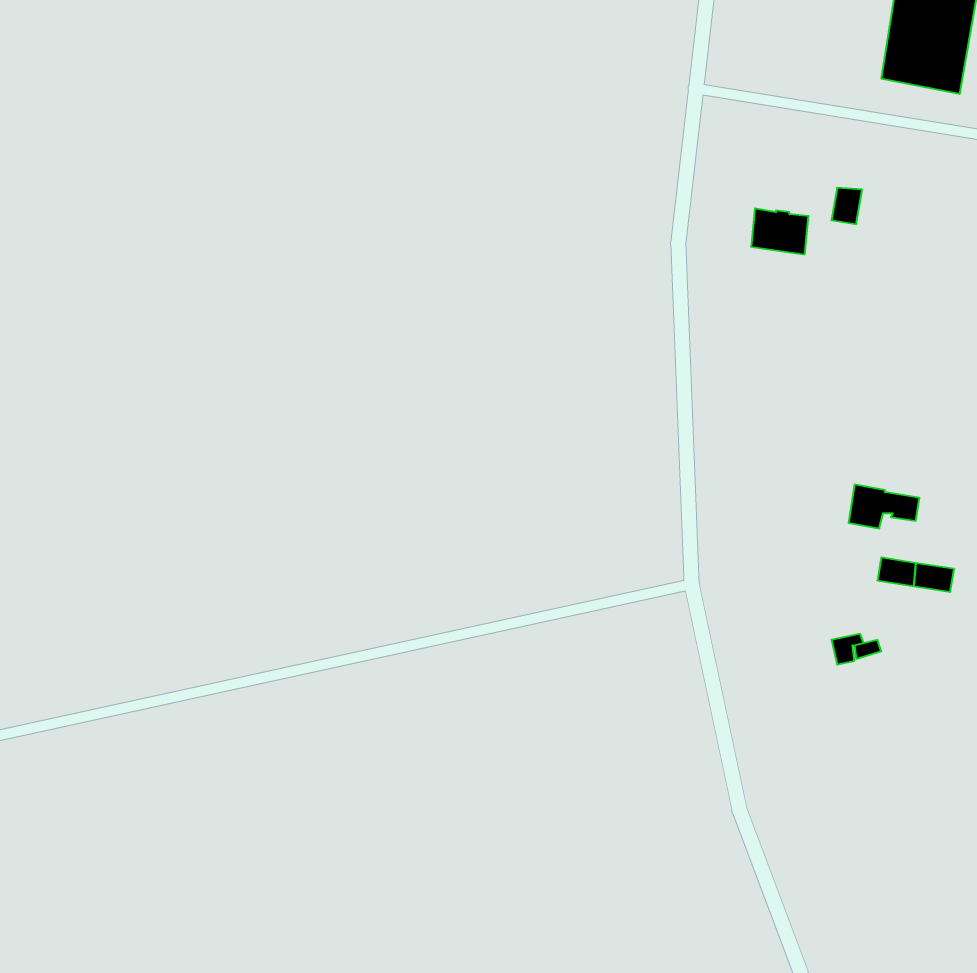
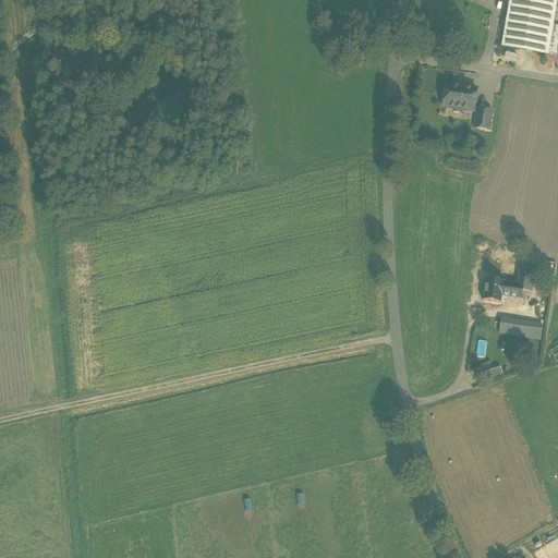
building: [751,208,809,254] -> [442,83,475,109]

